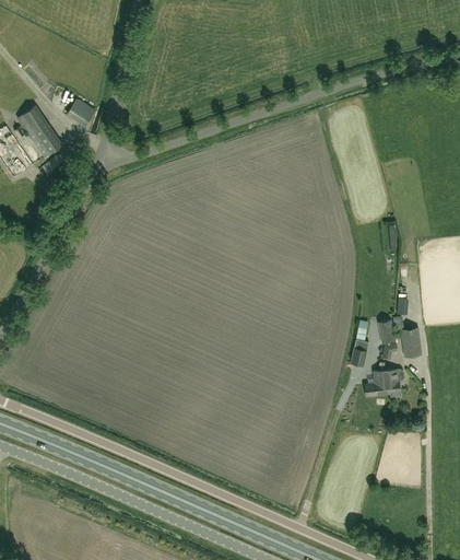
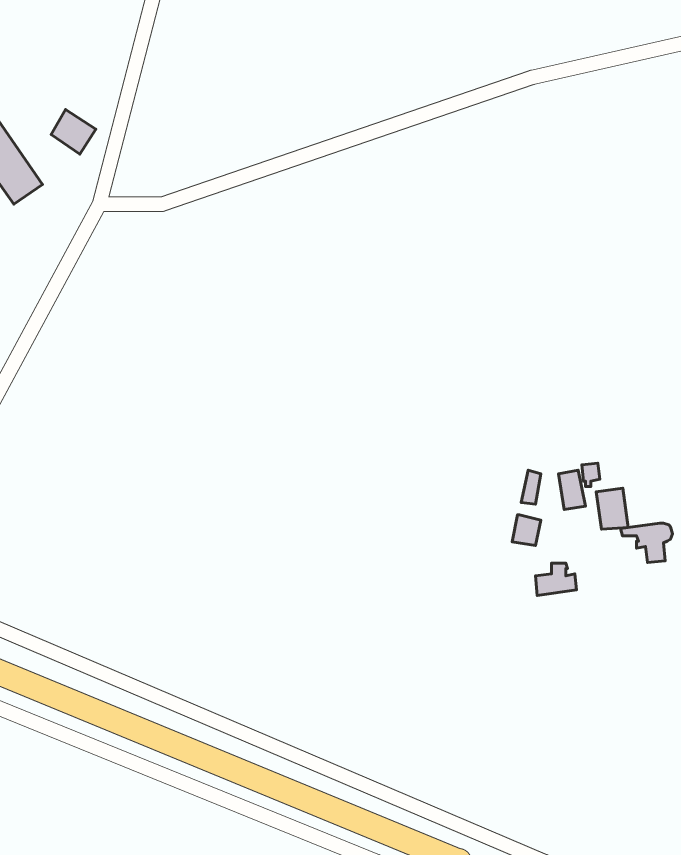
building: [371,369,403,393] -> [621,523,672,562]

